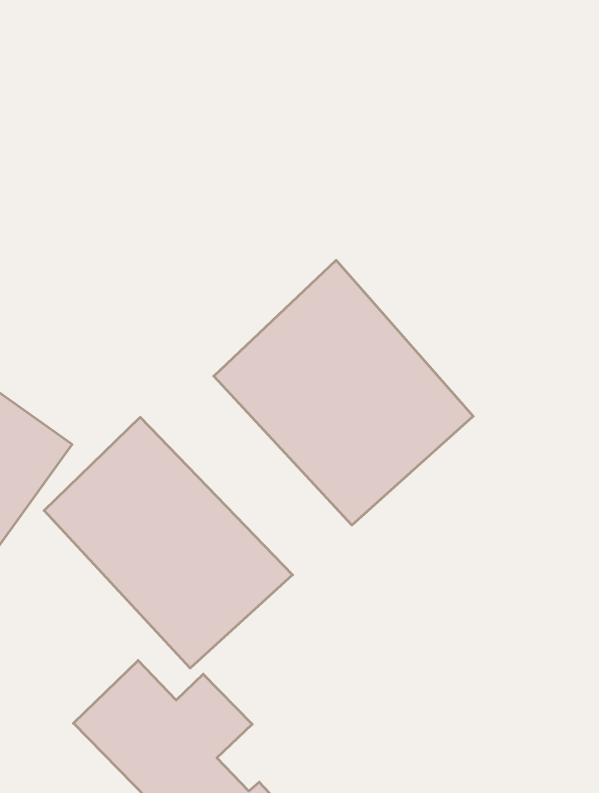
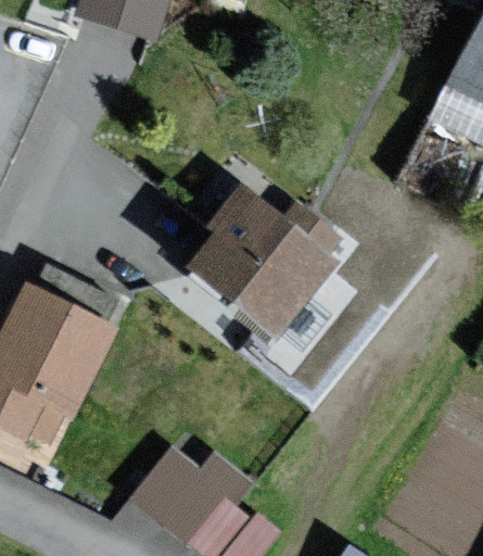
building: [44,417,293,668] -> none

